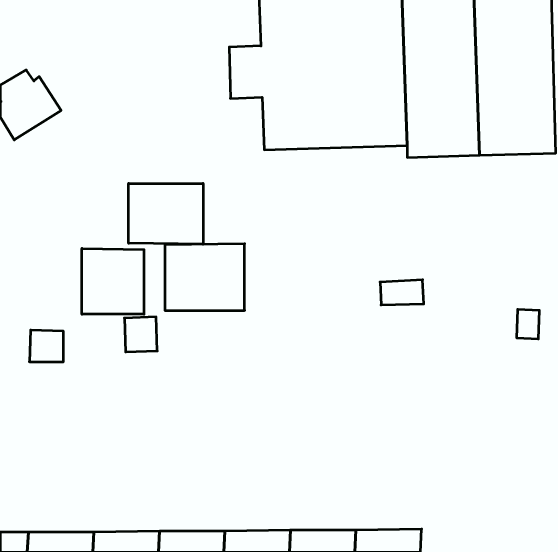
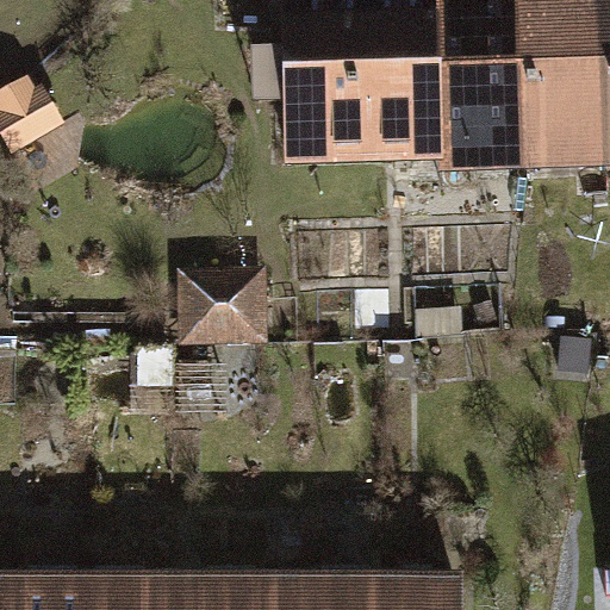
building: [129,183,203,244] -> none
building: [82,248,144,314] -> none

